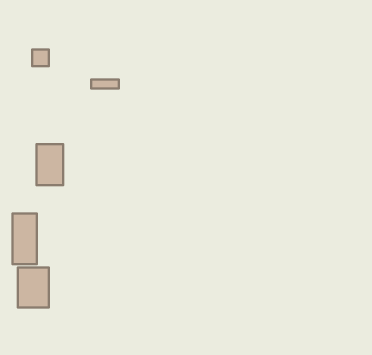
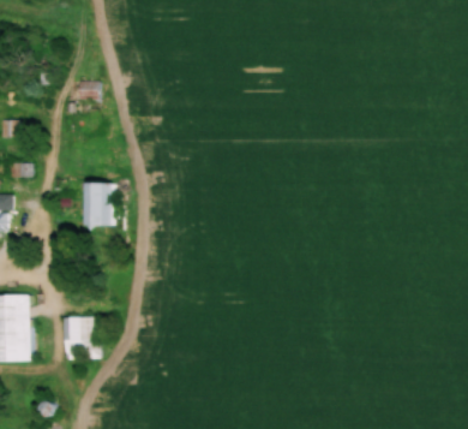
building: [12,213,37,264] -> none

